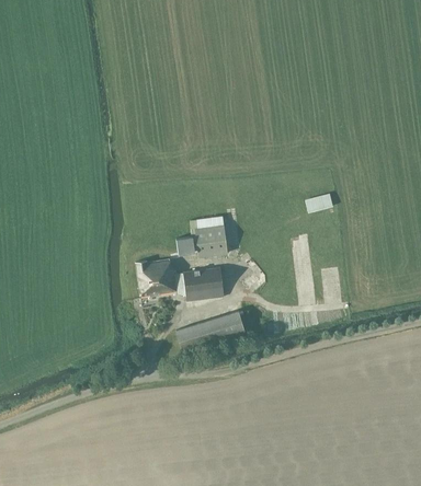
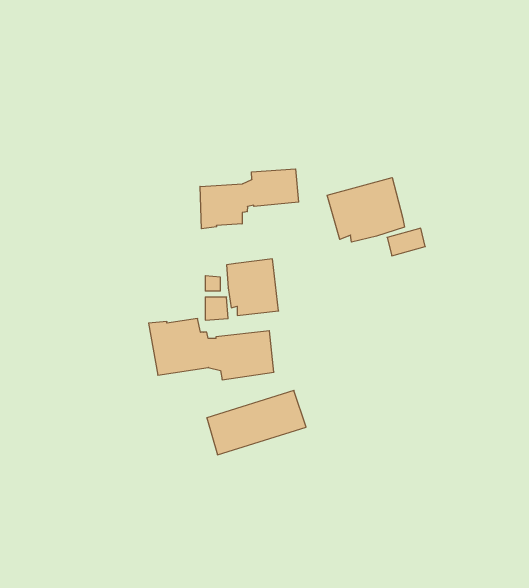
building: none -> [200,169,299,229]
building: none -> [327,178,405,242]

